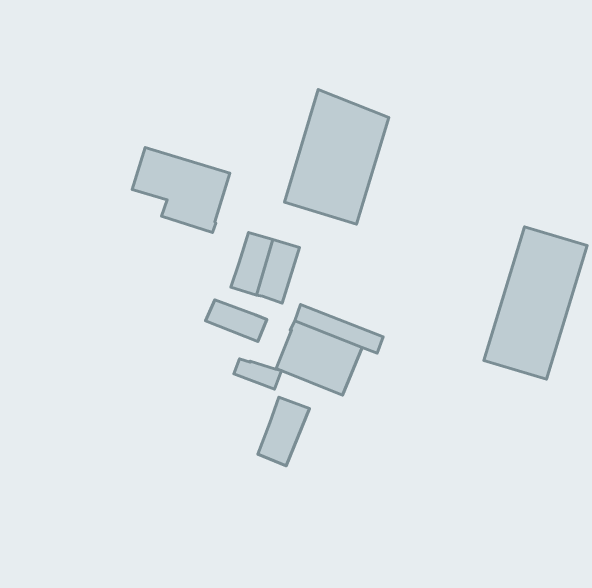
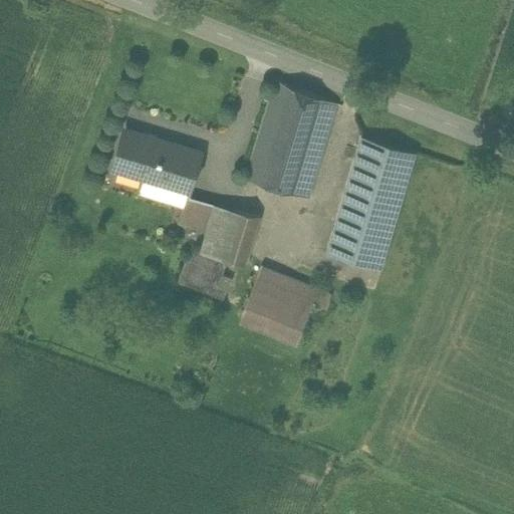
building: none -> [179,198,215,232]
building: [484,227,587,379] -> [326,139,416,270]
building: [234,359,281,389] -> [186,251,227,277]
building: [258,397,309,466] -> none

